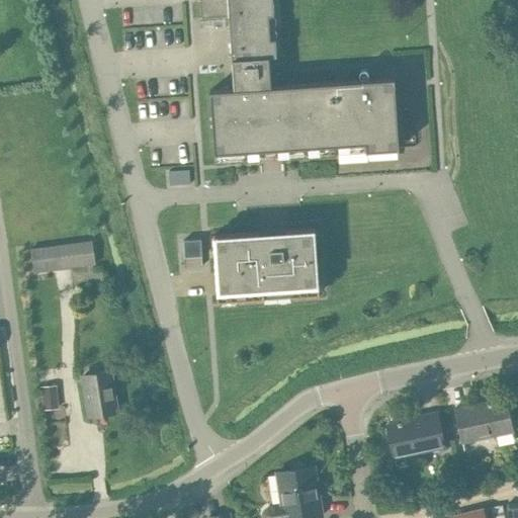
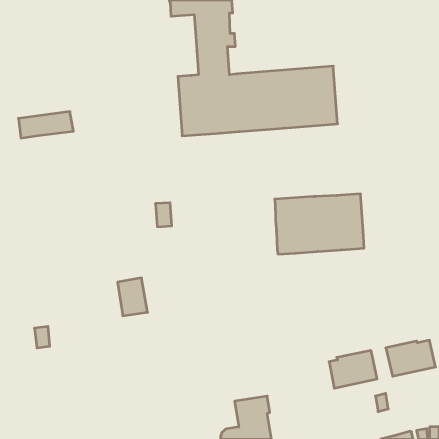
building: [213,229,319,299] -> [275,194,364,254]
building: [31,242,96,273] -> [18,112,73,138]
building: [82,370,117,415] -> [118,278,148,316]

